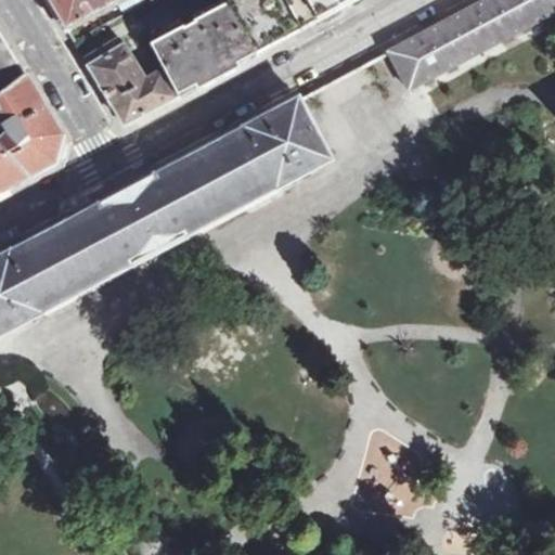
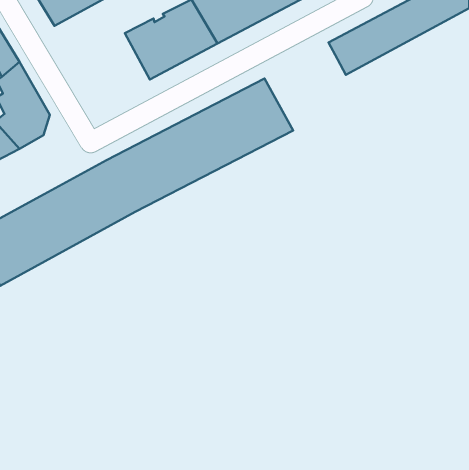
building: [81,38,171,122] -> none

